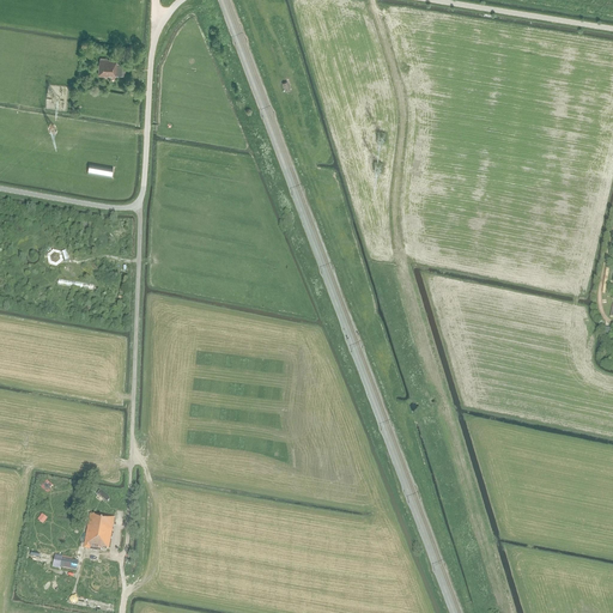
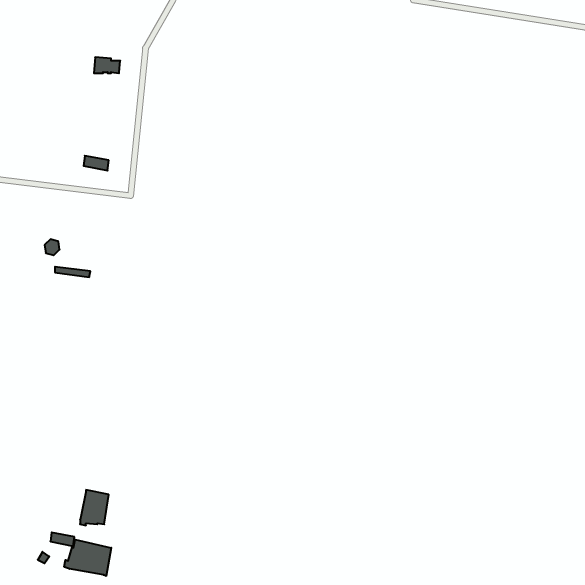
building: none -> [64,539,111,576]

